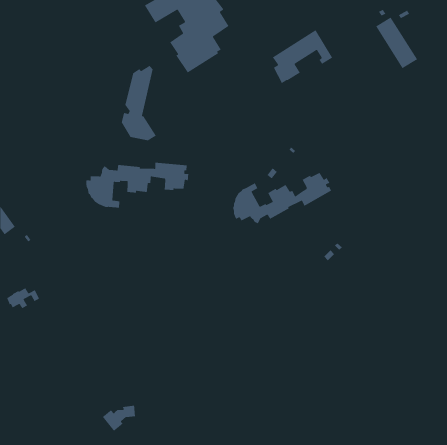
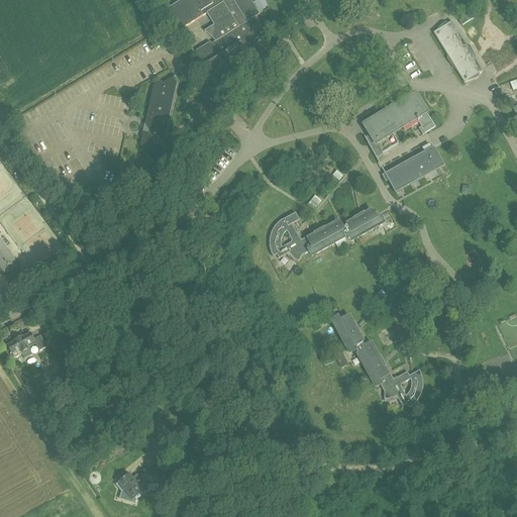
building: [272,29,333,84] -> [364,91,434,154]
building: none -> [381,143,440,191]
building: [86,162,189,208] -> none
building: none -> [326,314,422,405]

